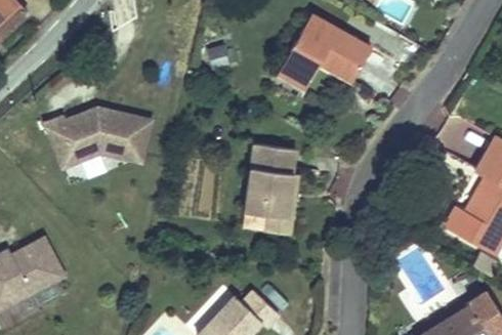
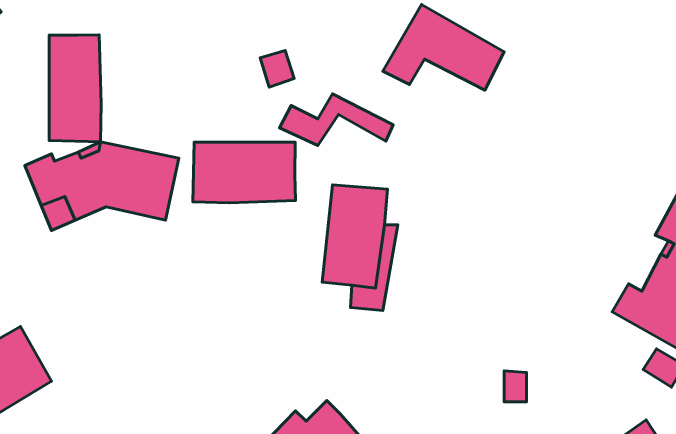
building: none -> [49,35,101,142]
building: [281,50,360,86] -> [279,94,393,146]
building: none -> [193,142,295,203]

